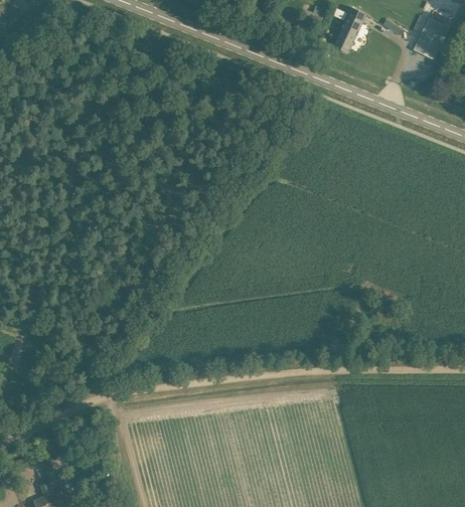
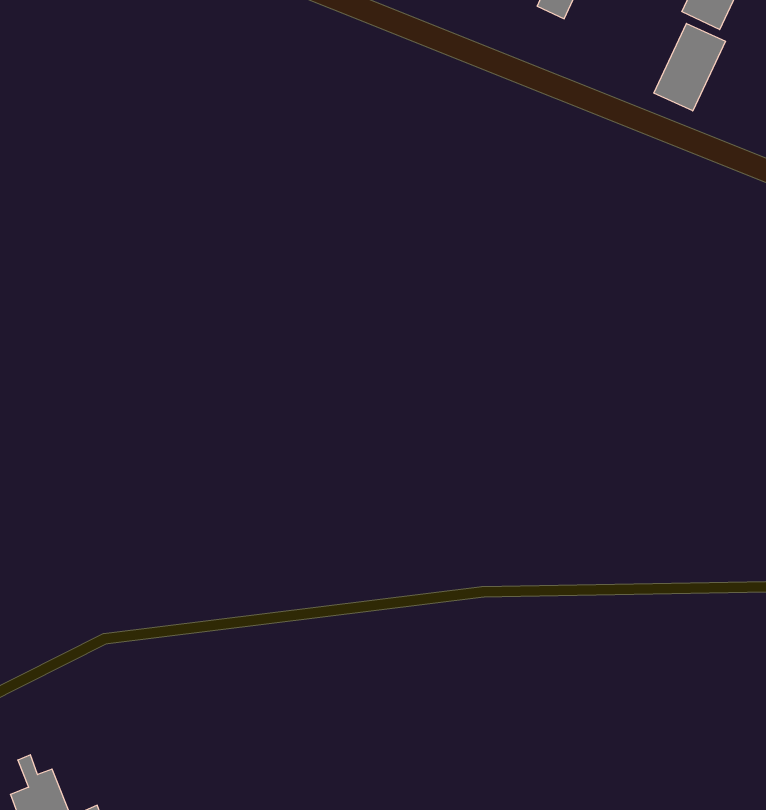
building: none -> [654,23,725,111]

